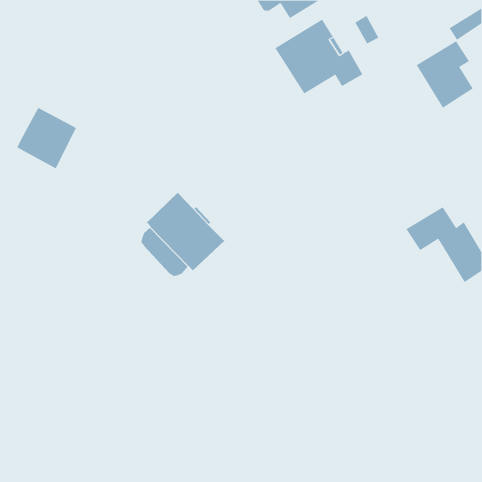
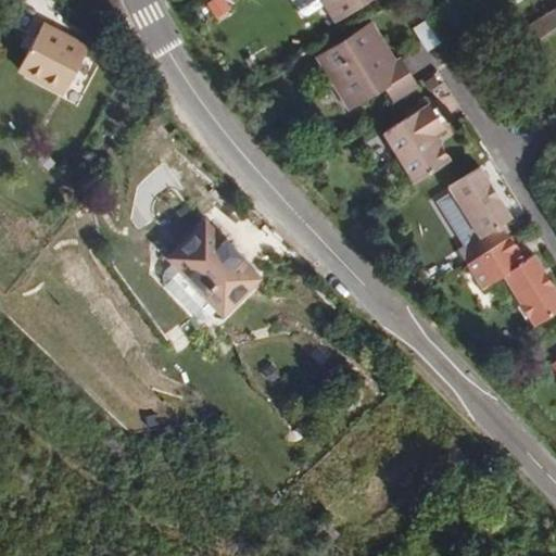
building: [416,41,474,108] -> [383,104,450,182]
building: [17,107,77,169] -> [18,23,88,94]
building: none -> [448,168,511,264]

